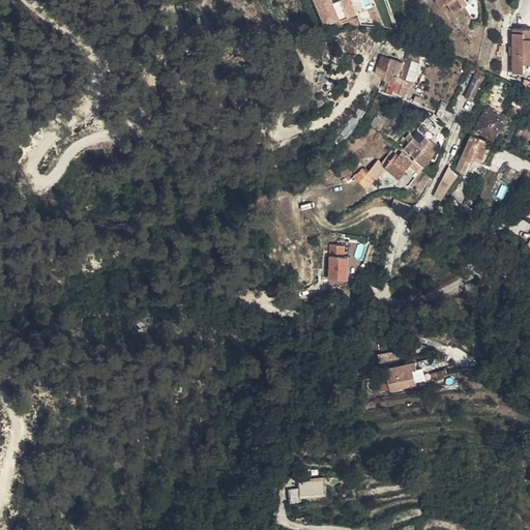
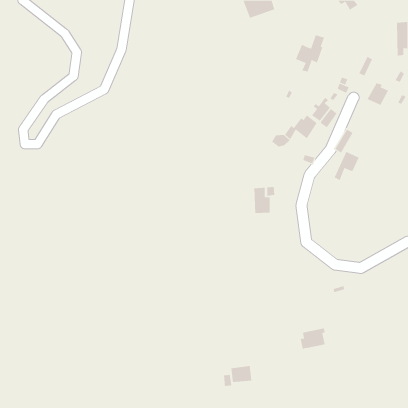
building: [455,136,489,174] -> [334,151,359,181]
building: [382,364,415,392] -> [300,328,325,349]

